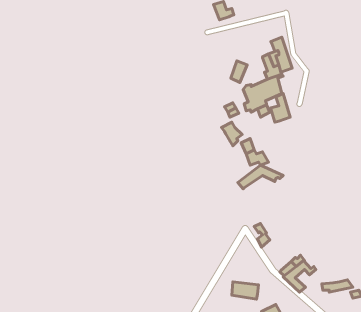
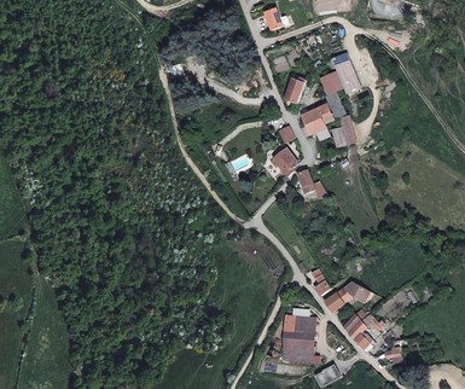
building: [238,165,283,189] -> [325,285,378,313]
building: none -> [286,304,319,343]

